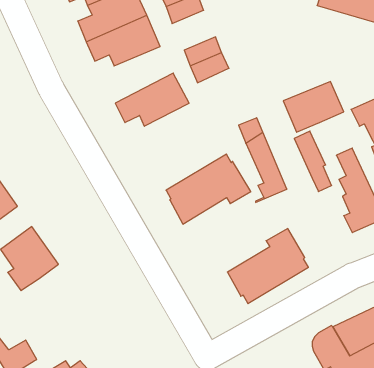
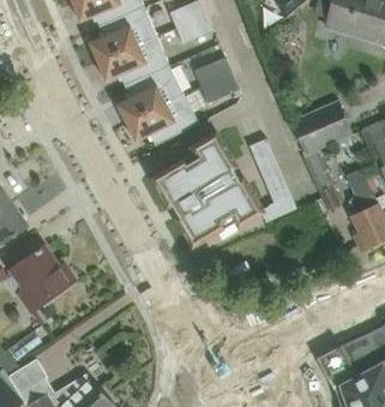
building: none -> [116,67,184,124]
building: [227,229,308,304] -> [156,136,236,210]

